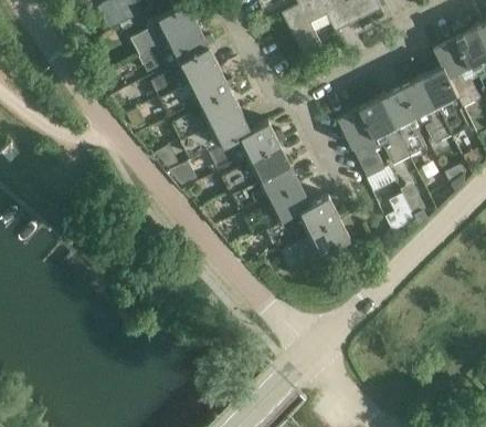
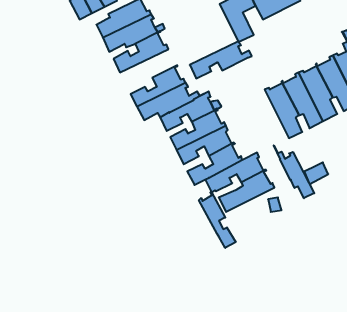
building: [159,65,235,111] -> [190,42,252,78]
building: none -> [274,145,314,198]
building: none -> [199,192,236,248]

